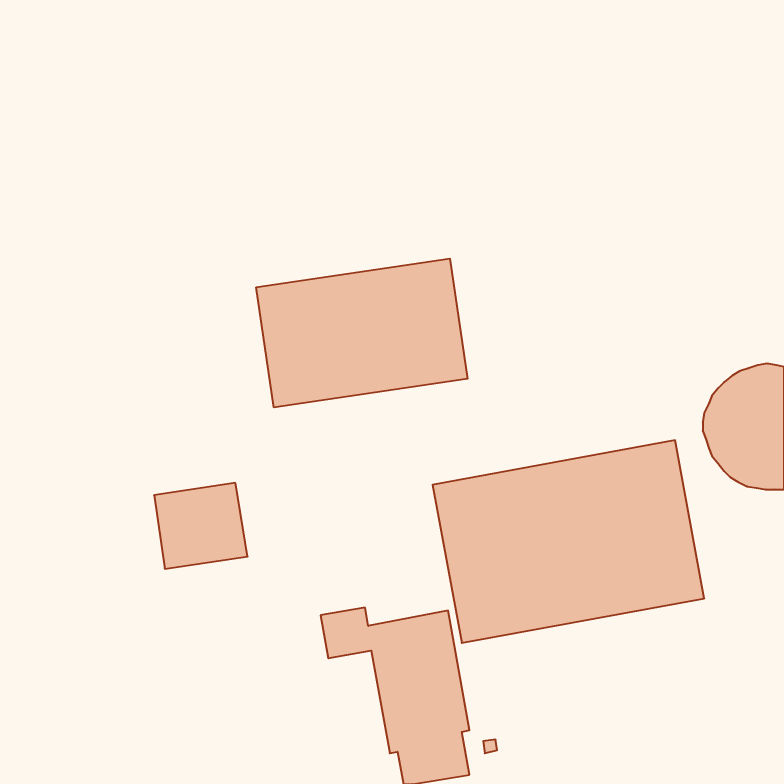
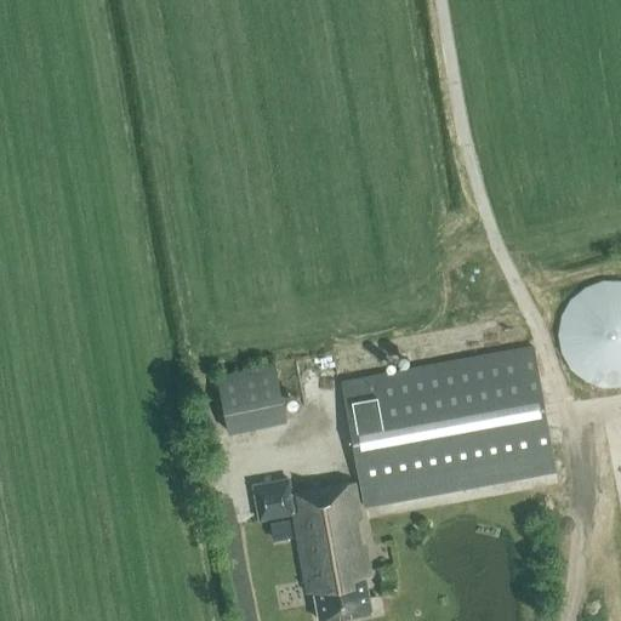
building: [256,259,468,407] -> none
building: [154,483,248,569] -> [222,363,296,431]

